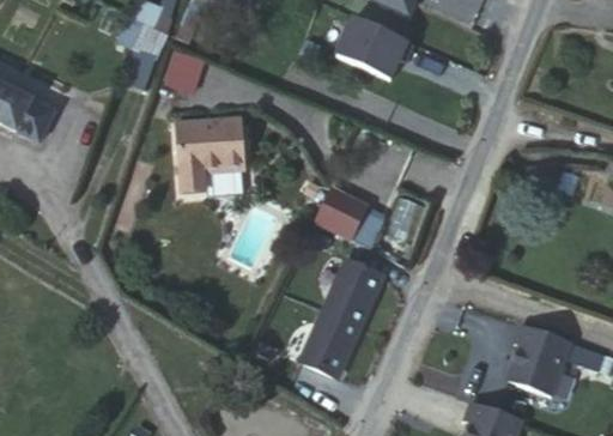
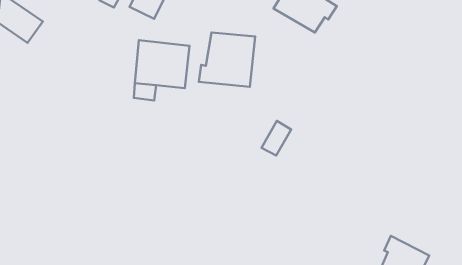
building: none -> [199,32,255,87]
building: [309,183,360,234] -> none
building: [301,261,380,376] -> none

